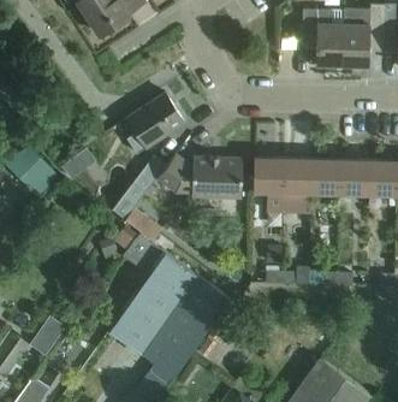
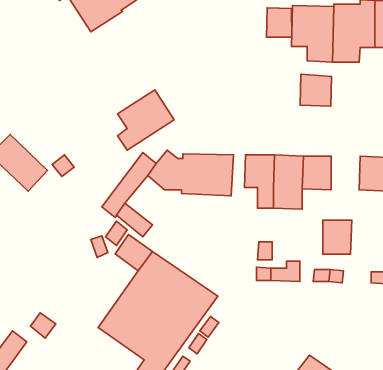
building: none -> [266,8,292,37]
building: none -> [300,74,332,106]
building: [340,160,369,194] -> [323,220,352,254]

